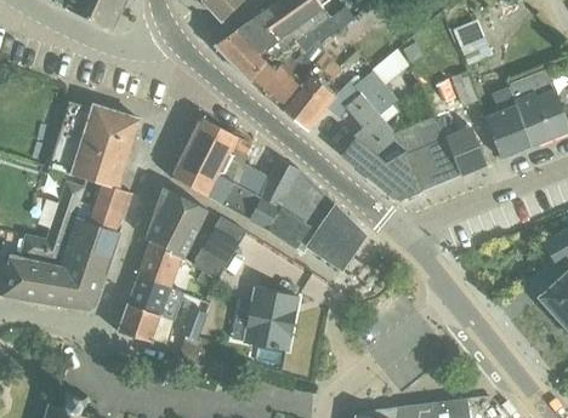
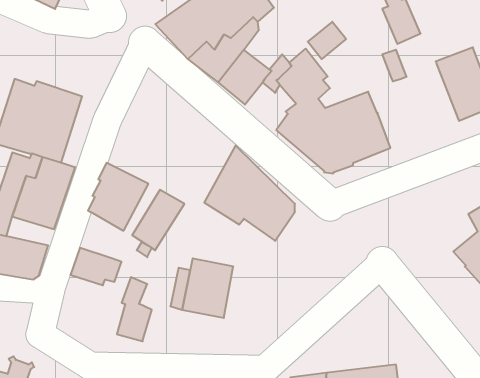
building: [485,87,533,158] -> none
building: [448,109,487,174] -> none
building: [170,118,300,230] -> none
building: [137,241,182,288] -> none
building: [61,245,110,275] -> none
building: [118,305,175,347] -> none

